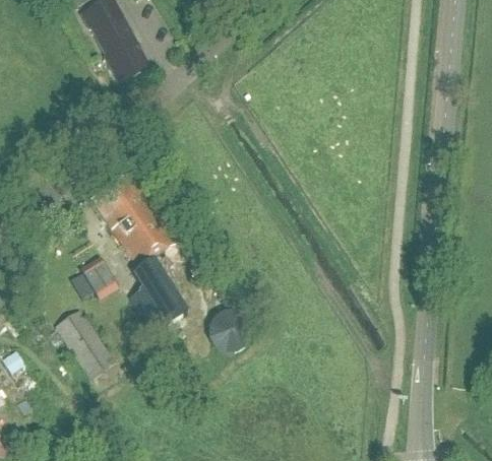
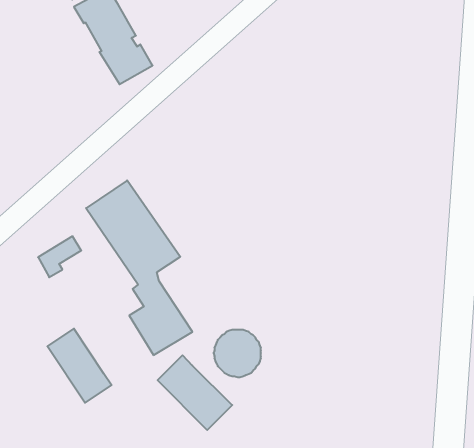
building: [71,261,111,299] -> [38,236,81,277]
building: none -> [158,355,232,430]

